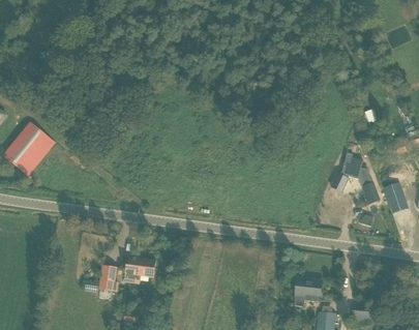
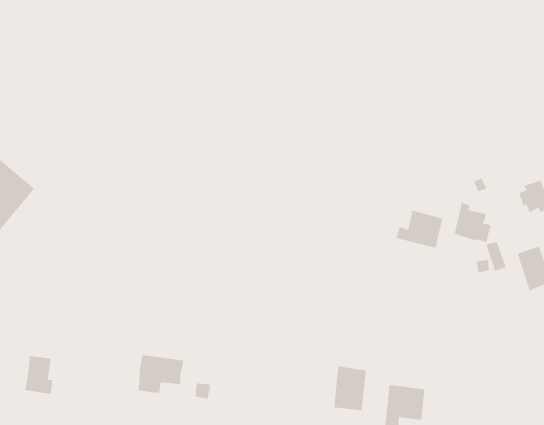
building: none -> [396,210,443,249]
building: none -> [334,365,366,411]
building: [98,264,118,291] -> [25,355,53,395]

